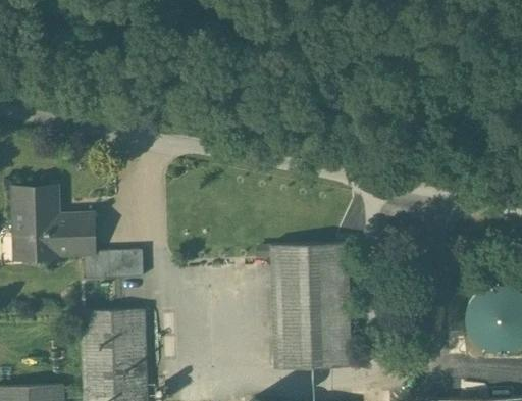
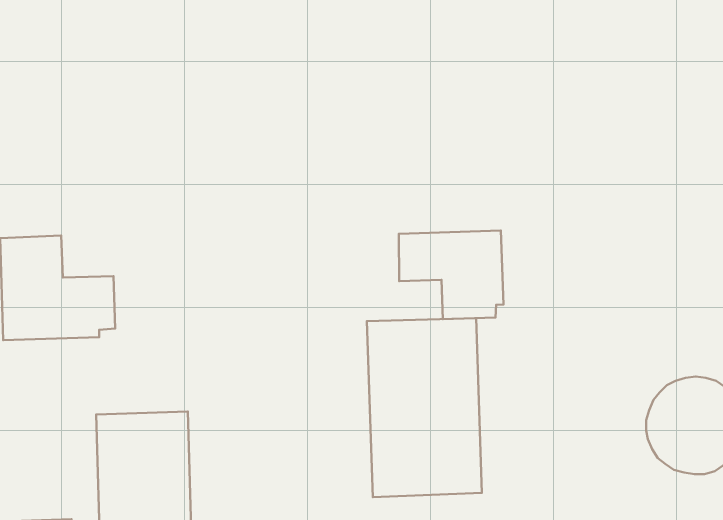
building: none -> [399,230,503,319]
building: [84,250,144,280] -> none

